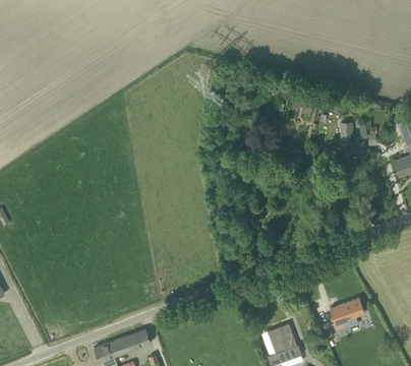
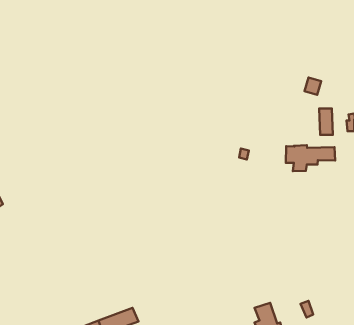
building: none -> [286,145,335,171]
building: [330,298,364,329] -> none

